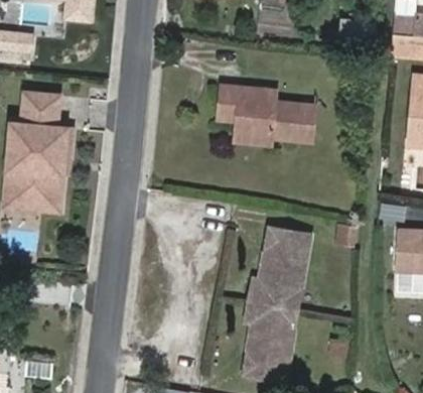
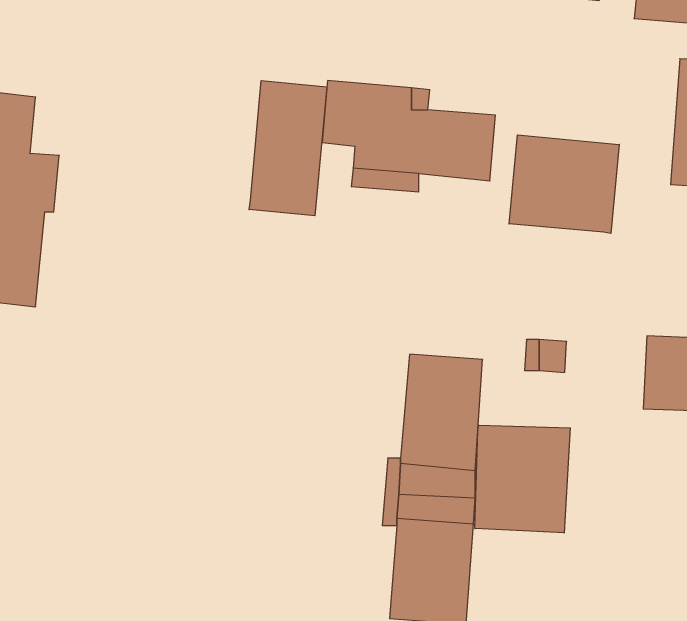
building: none -> [249,81,327,216]
building: none -> [509,135,619,233]
building: none -> [475,425,570,533]

